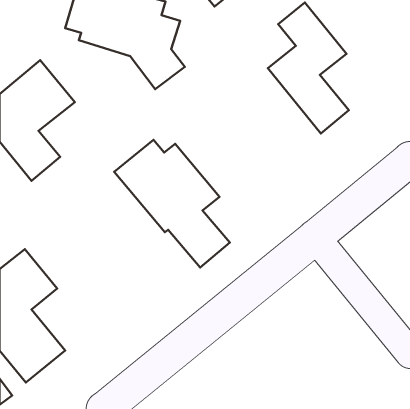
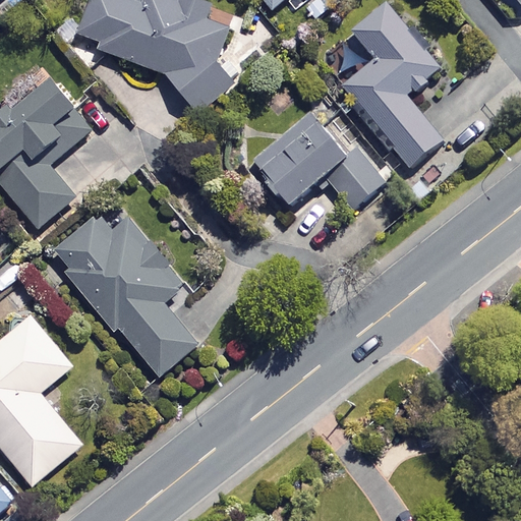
building: none -> [248,113,385,210]
building: [114,140,230,267] -> [51,214,197,375]

